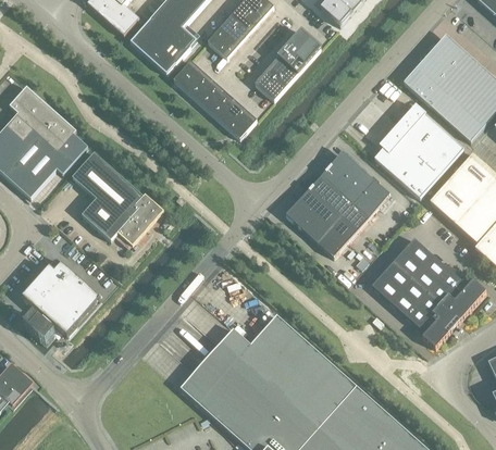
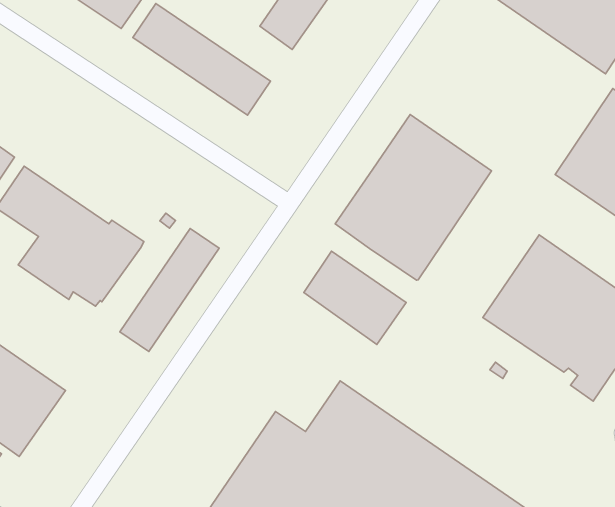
building: [374,104,463,198] -> none
building: none -> [120,229,219,352]
building: none -> [304,251,406,345]

